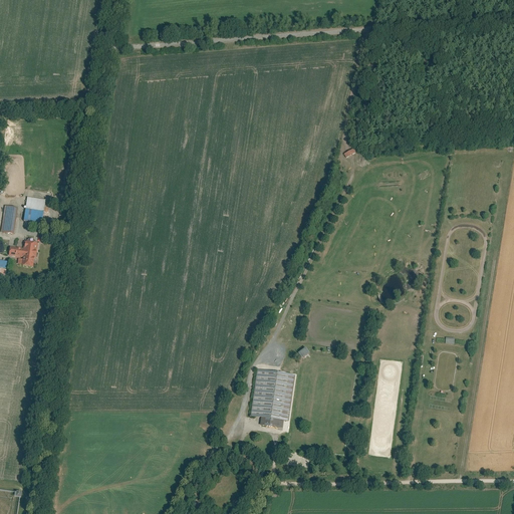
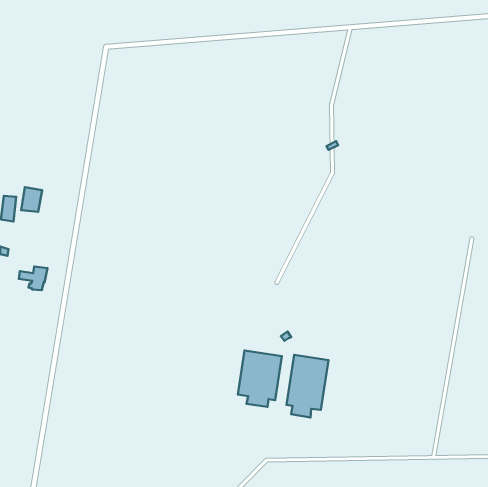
building: [7,241,37,266] -> [19,266,48,290]
building: none -> [286,355,329,418]

